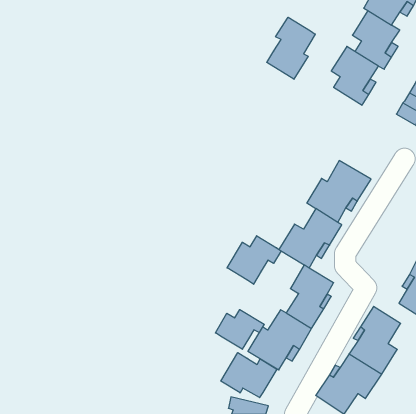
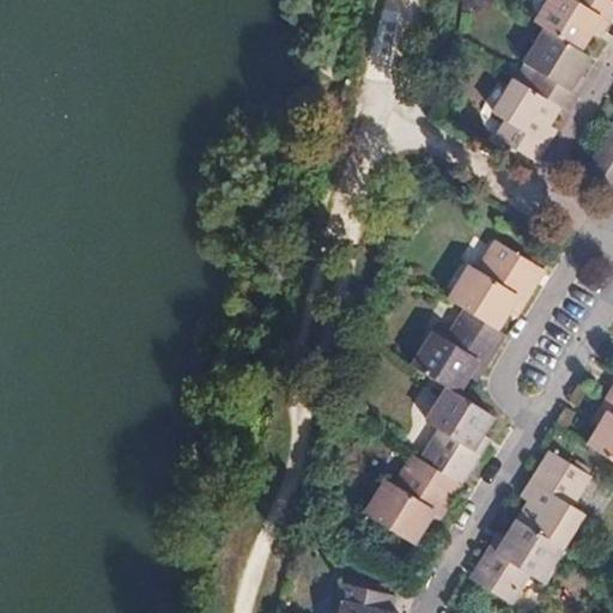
building: [267,17,315,79] -> none
building: [227,236,281,284] -> none
building: [215,310,264,349] -> none
building: [221,353,277,398] -> none

